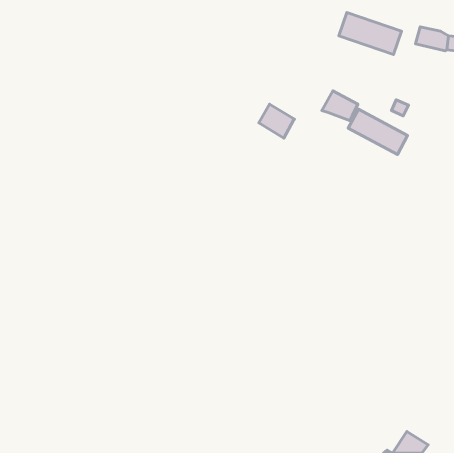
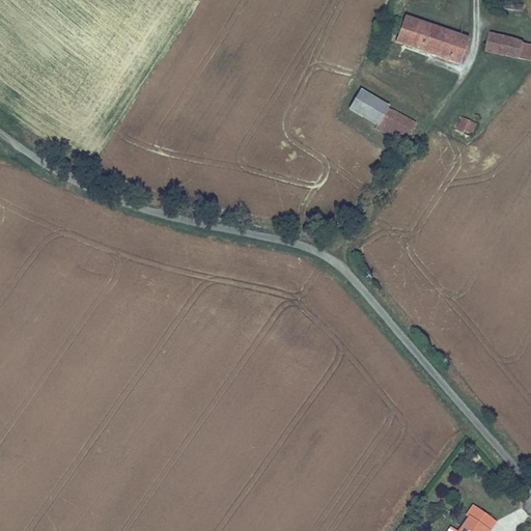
building: [259,104,294,138] -> [348,87,390,127]
building: [348,109,408,155] -> none

